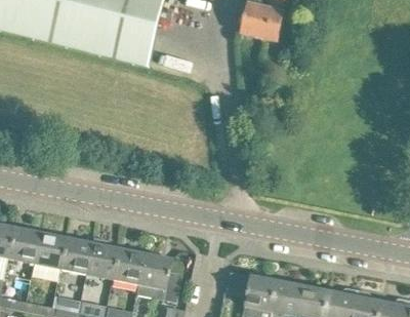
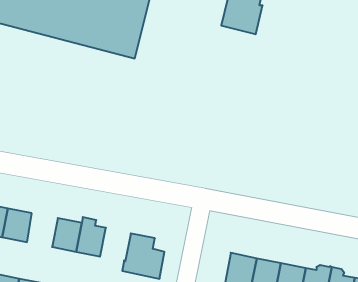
building: [34,232,67,268] -> none
building: [112,247,145,283] -> none

